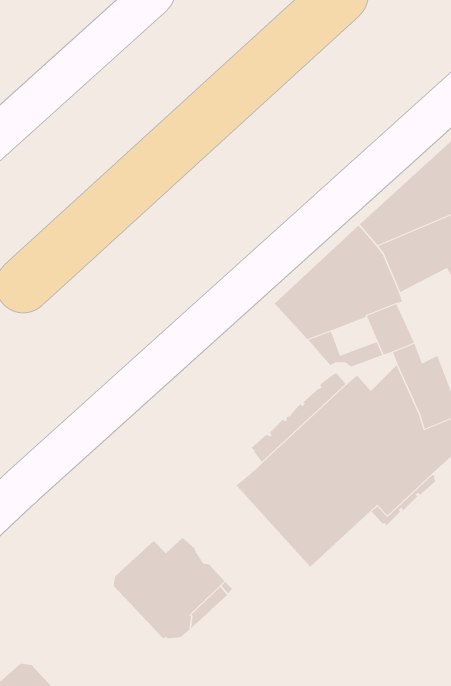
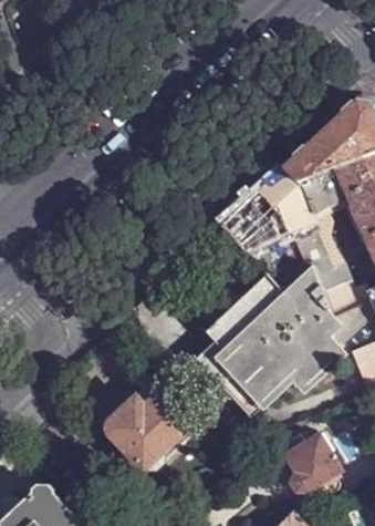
building: none -> [280,434,342,498]

